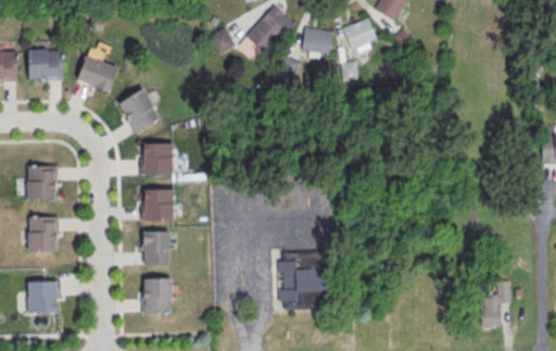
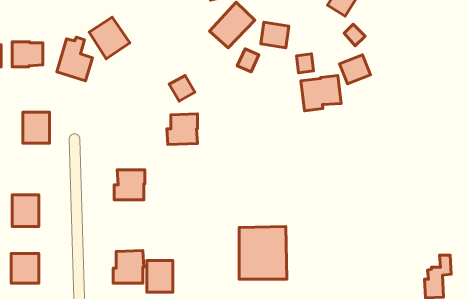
building: [342,18,376,50] -> [340,55,370,84]
building: [206,27,235,55] -> [169,75,195,101]
building: none -> [301,76,341,111]
building: [116,88,161,134] -> [89,17,130,59]
building: [139,142,173,176] -> [167,114,198,145]
building: [26,166,55,200] -> [23,112,50,143]
building: [142,231,170,266] -> [147,260,173,292]

